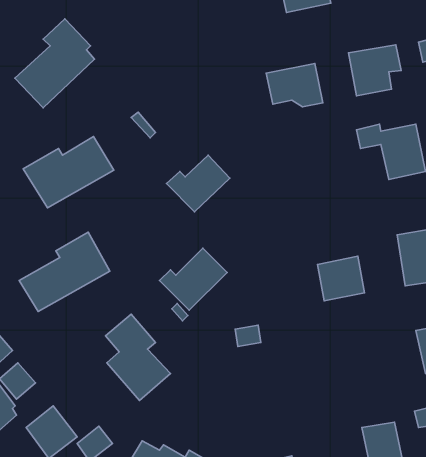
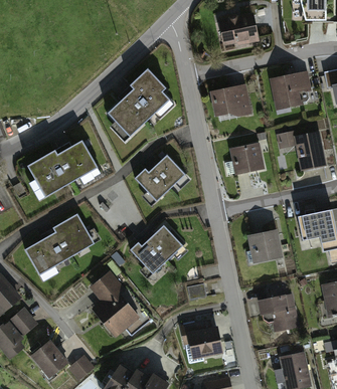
building: [15,19,95,108] -> [109,66,168,133]
building: none -> [229,143,265,175]
building: none -> [258,297,299,330]
building: none -> [179,320,223,358]

